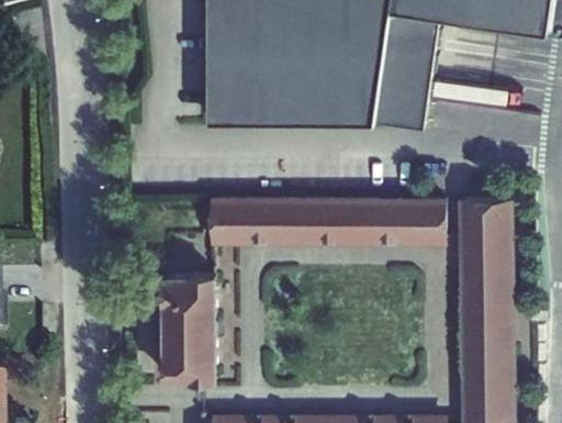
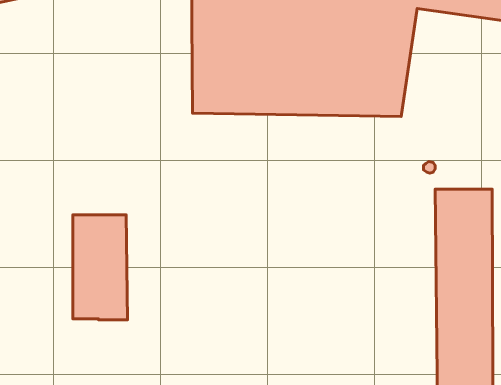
building: [209,199,446,271] -> none
building: [160,276,216,383] -> [73,215,127,320]

